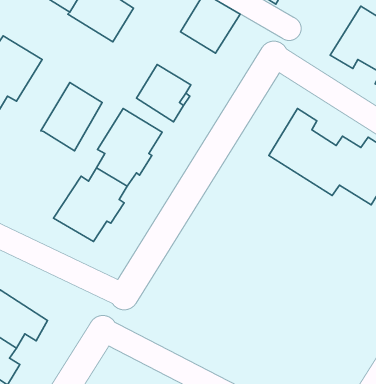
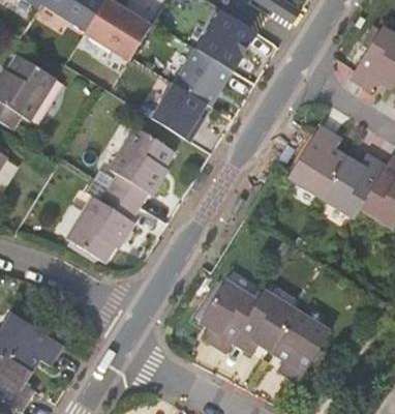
building: none -> [174,49,233,107]
building: [41,83,102,151] -> none
building: none -> [196,284,326,382]

